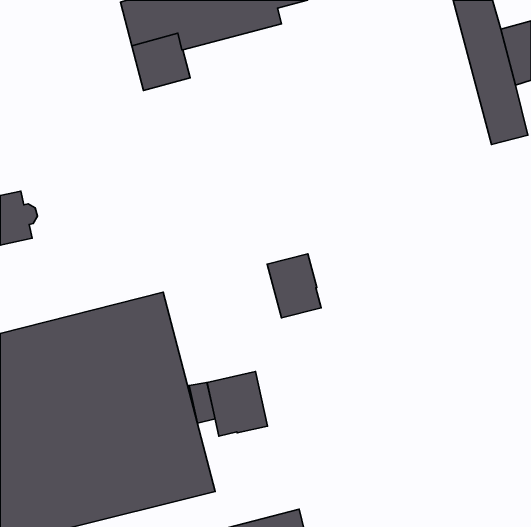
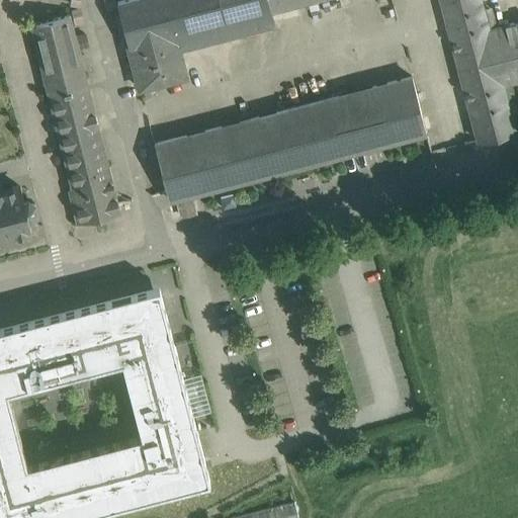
building: none -> [29,18,119,226]
building: none -> [154,80,426,202]
building: [267,254,321,318] -> none
building: [207,371,268,436] -> none

